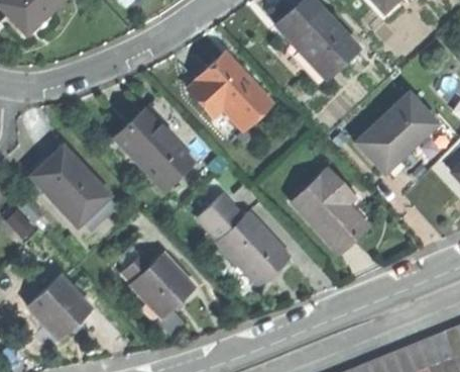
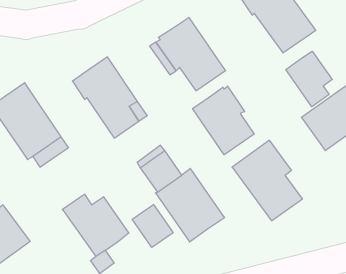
building: none -> [286,51,332,107]
building: none -> [193,86,254,155]
building: none -> [132,204,173,247]

